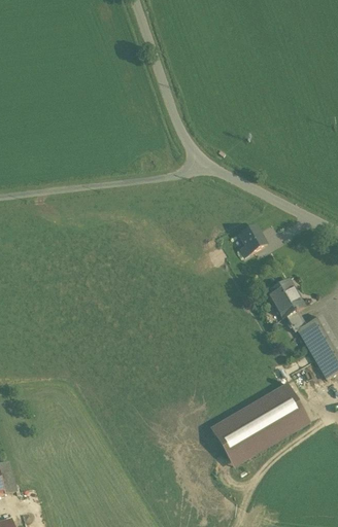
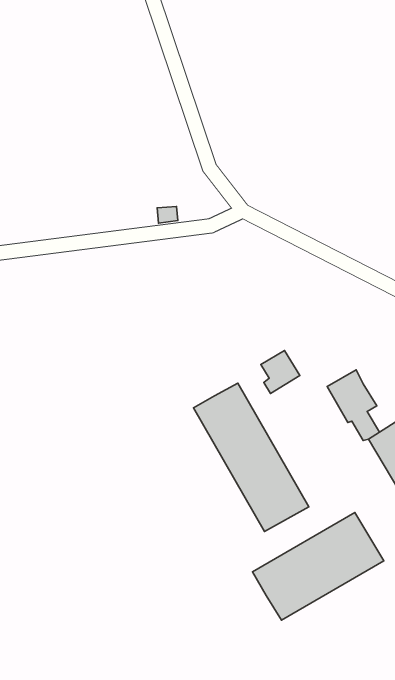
building: [237,223,266,255] -> [261,351,300,393]
building: none -> [193,383,309,531]

